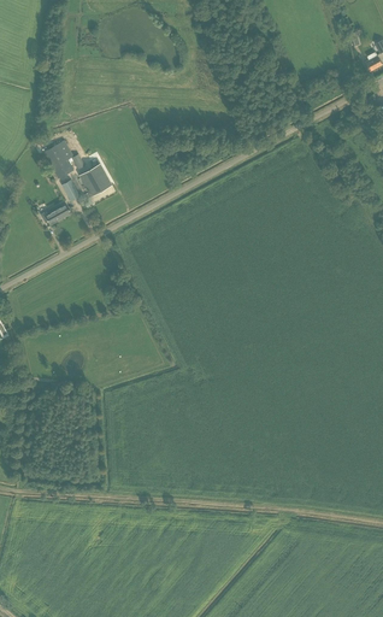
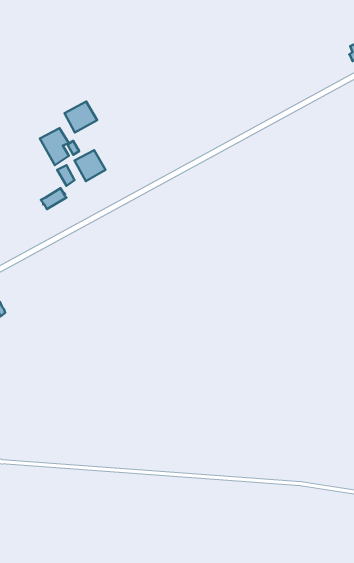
building: none -> [65,102,97,133]

